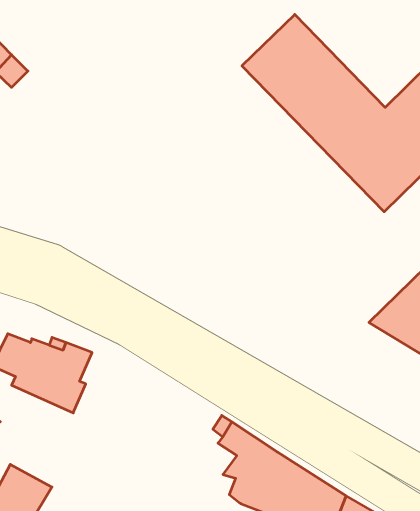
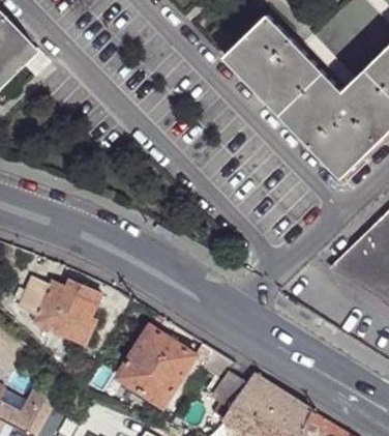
building: none -> [118,328,196,406]

